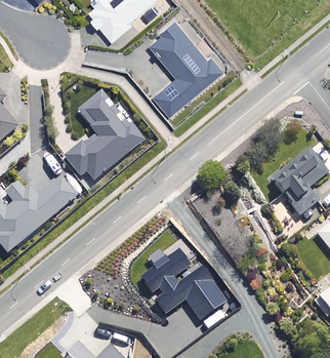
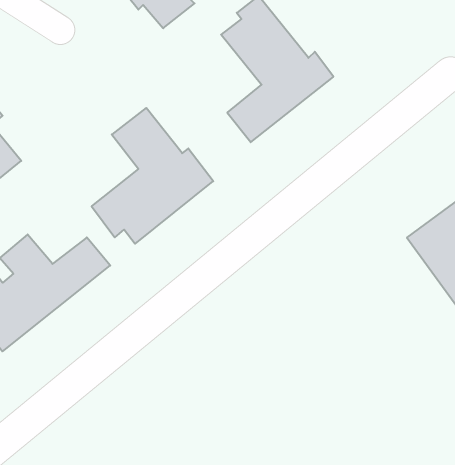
building: [141,250,229,319] -> none

